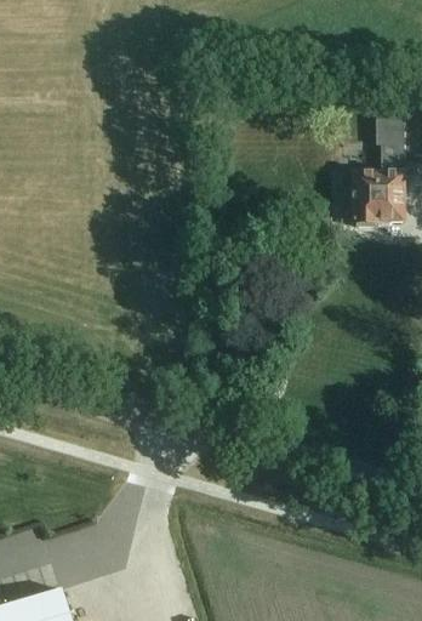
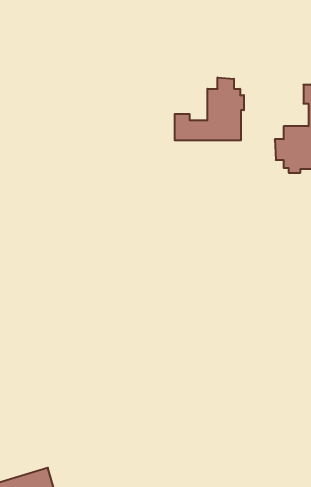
building: none -> [175,77,244,140]

